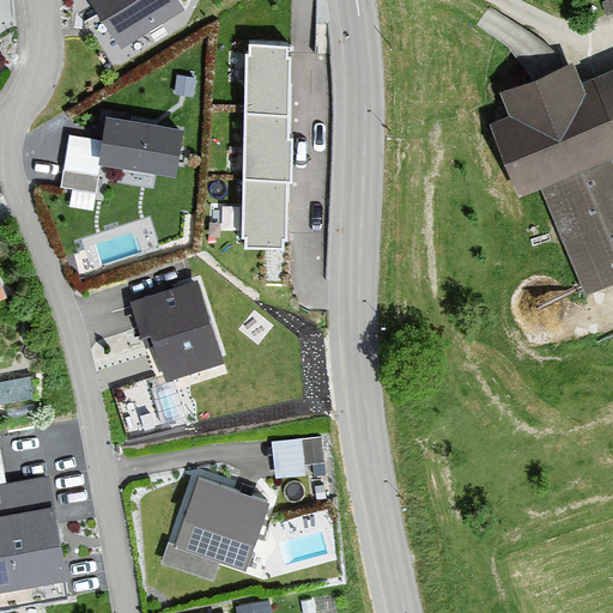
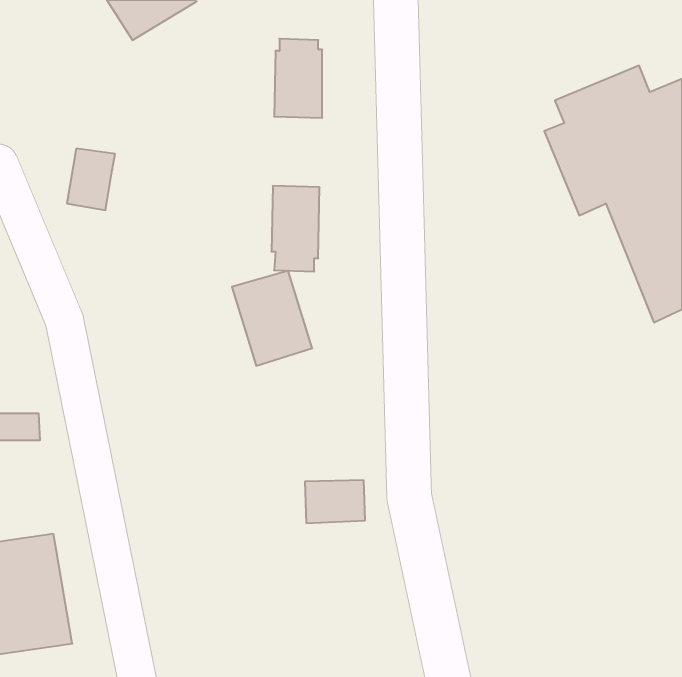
building: [244,110,291,174] -> none
building: [101,120,177,169] -> none
building: [144,287,216,372] -> [232,271,312,366]
building: [174,479,266,572] -> none

